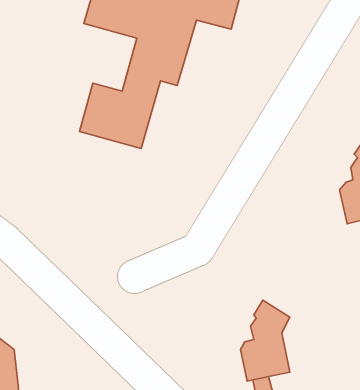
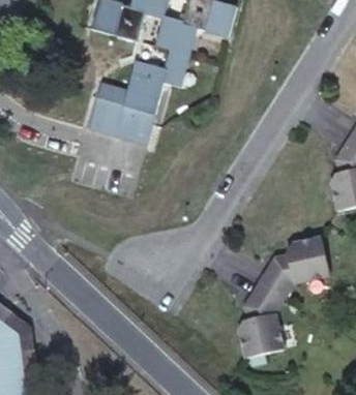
building: none -> [257,236,326,298]

